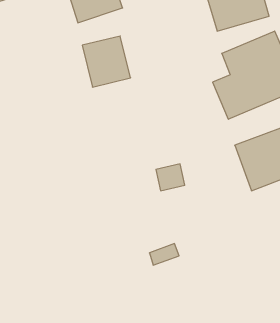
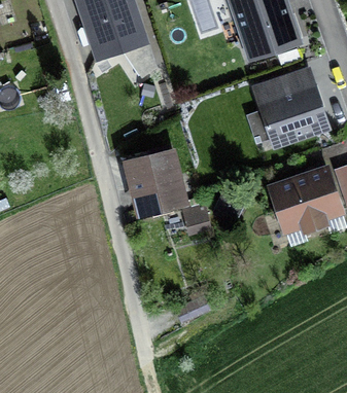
building: [82,36,131,87] -> [125,151,178,208]

